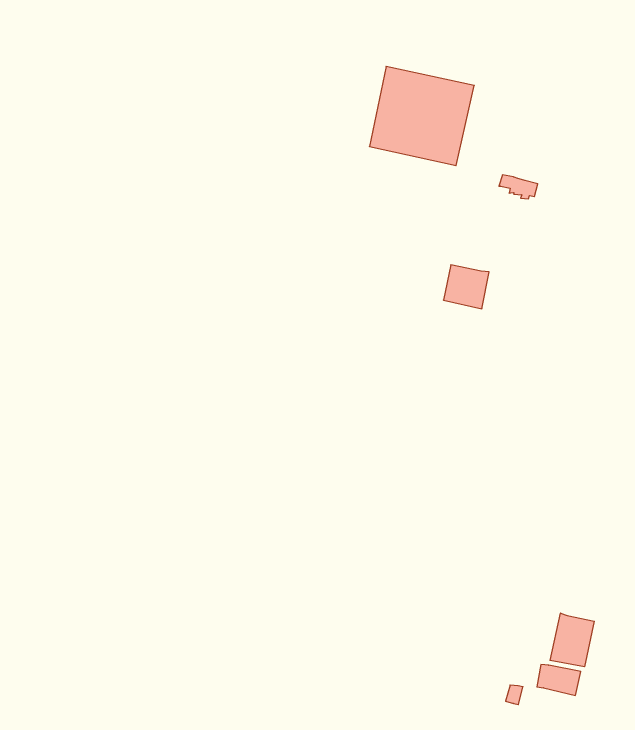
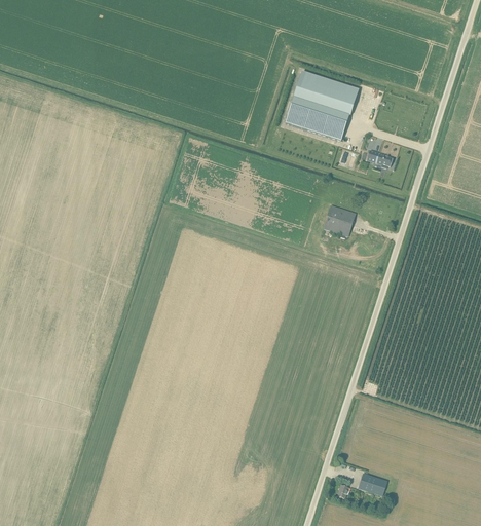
building: [550,613,594,667] -> none

